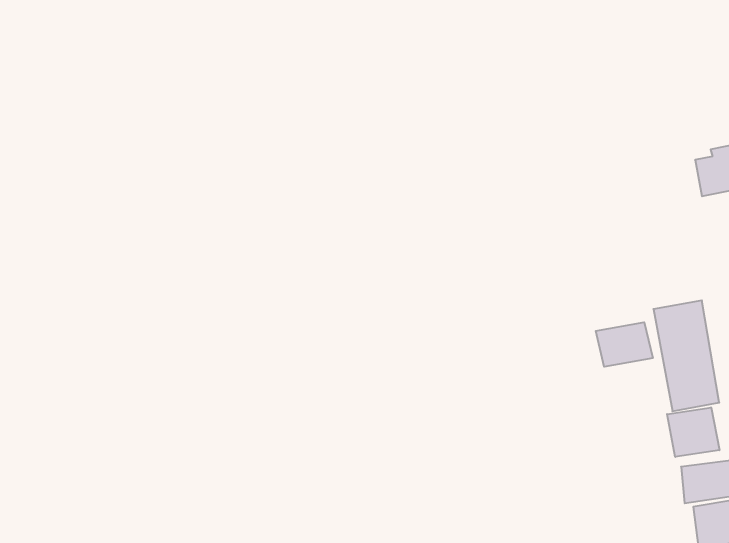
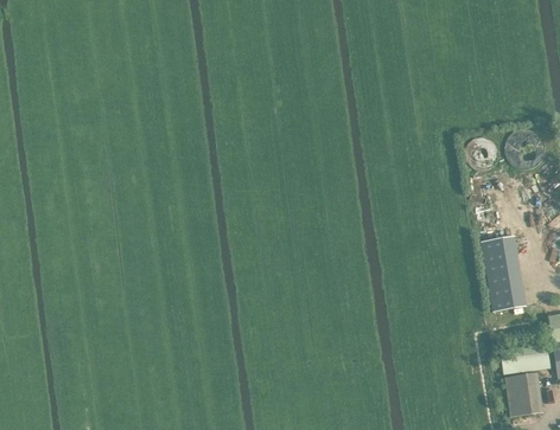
building: [596,322,653,367] -> none
building: [667,407,719,457] -> none

